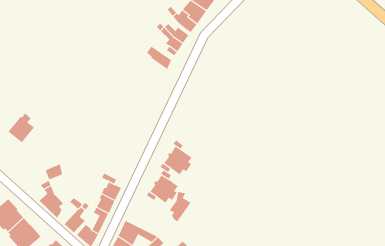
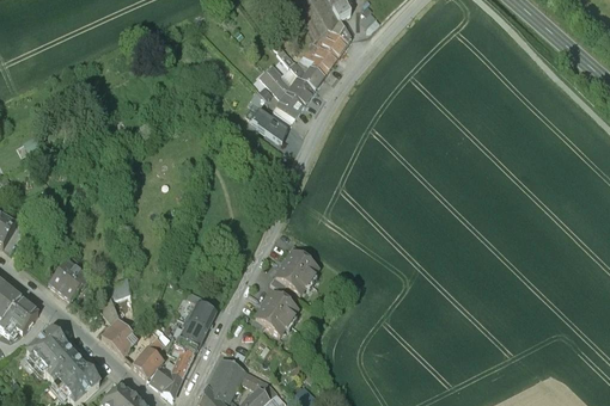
building: [7,113,35,143] -> [49,254,89,299]
building: [169,191,191,223] -> none

